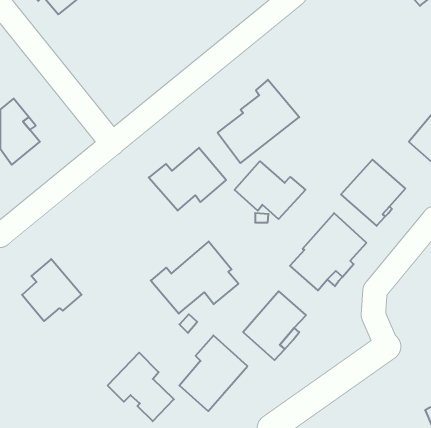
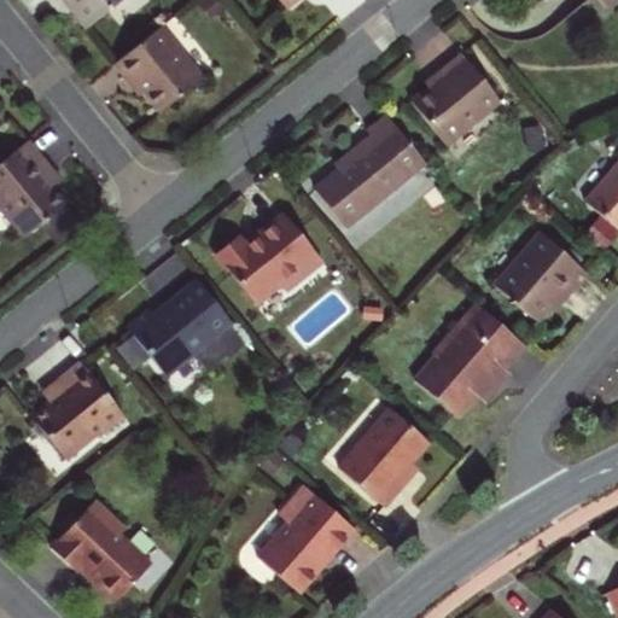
building: none -> [110,24,199,107]
building: none -> [412,58,501,148]
building: [235,161,305,219] -> none
building: [151,241,238,314] -> [123,279,247,381]
building: [108,353,174,421] -> [47,499,141,596]

